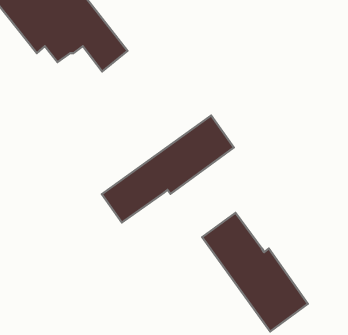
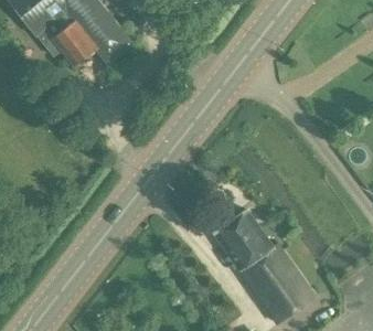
building: [102,116,234,222] -> none

